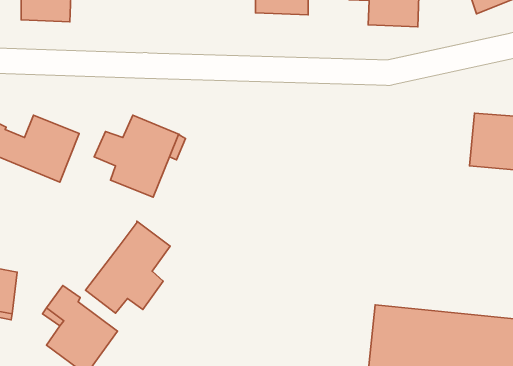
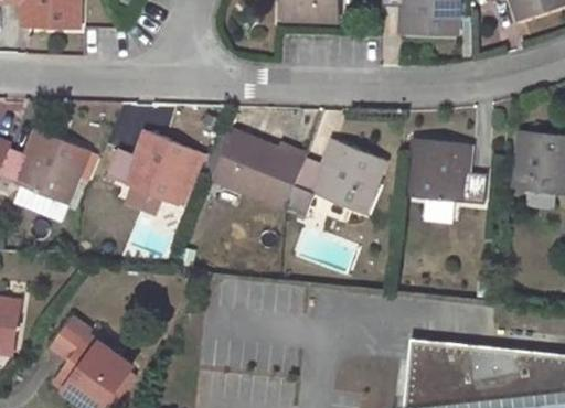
building: none -> [212,135,386,214]
building: none -> [408,138,486,204]
building: [86,221,170,313] -> none

